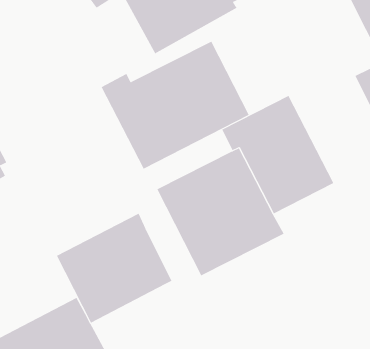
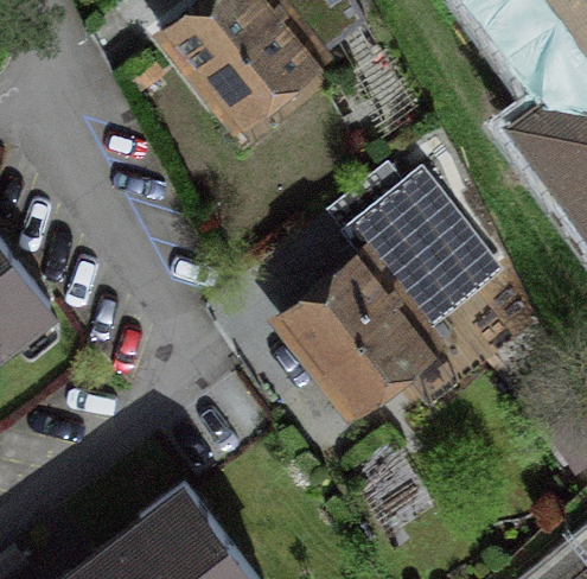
building: [101,41,250,169] -> none
building: [56,213,172,323] -> none

